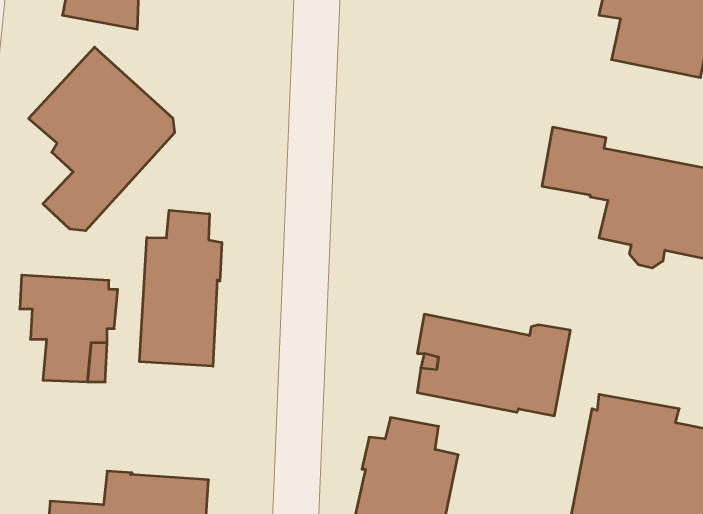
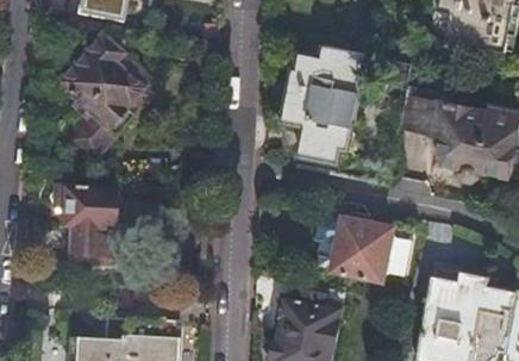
building: none -> [284,46,365,163]
building: [140,210,222,366] -> none

